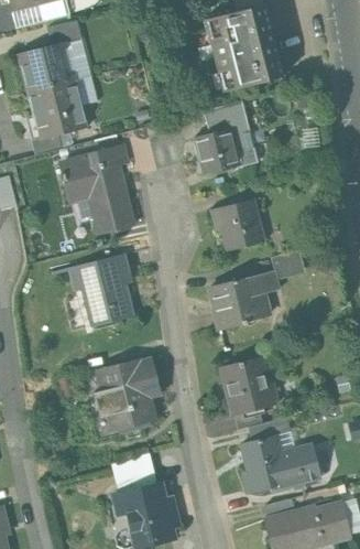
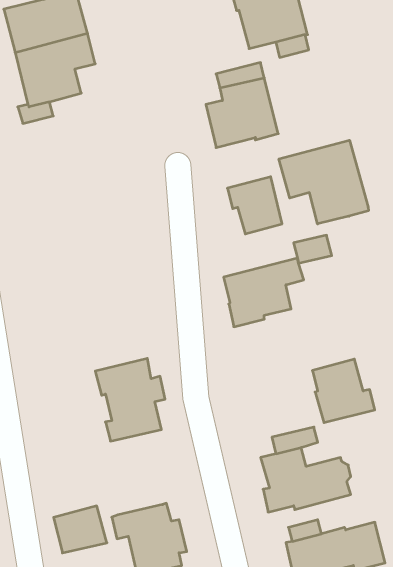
building: [59,146,132,234] -> none
building: none -> [279,140,368,224]
building: [76,260,132,330] -> none
building: [222,357,276,412] -> [312,359,375,423]
building: [110,452,156,493] -> [54,506,107,553]

